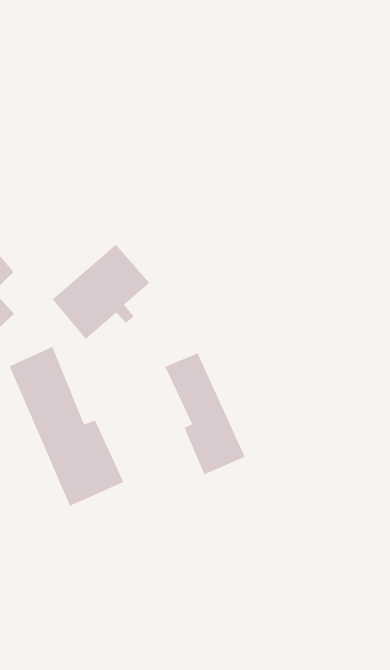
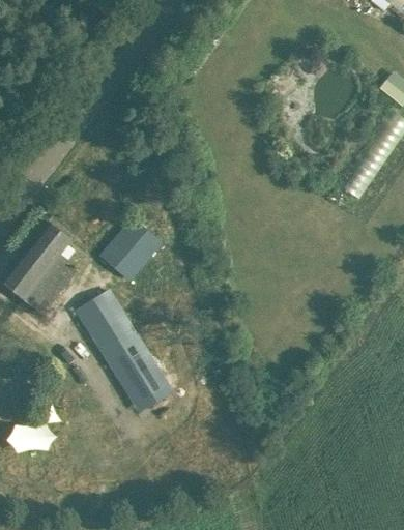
building: [164,352,245,475] -> none

